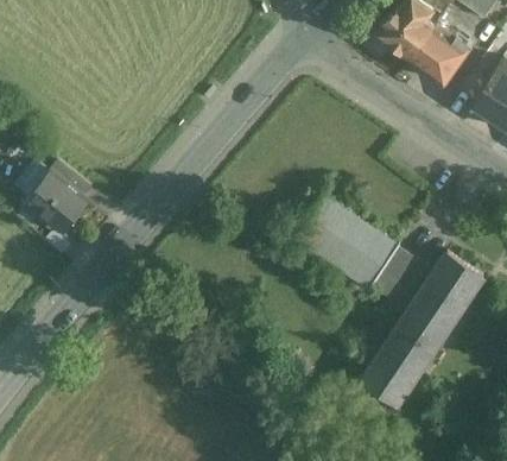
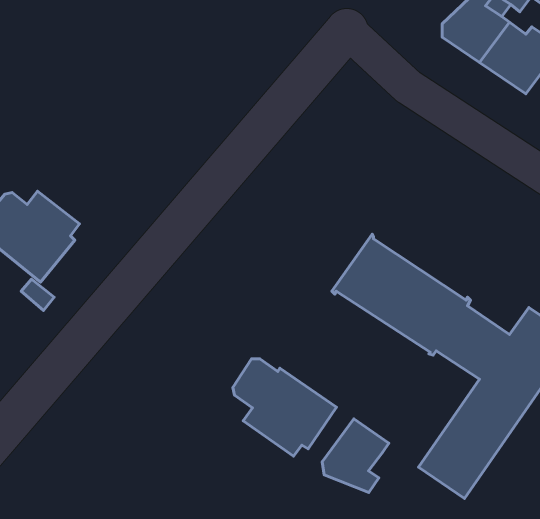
building: none -> [233,359,336,456]
building: none -> [322,419,389,493]

